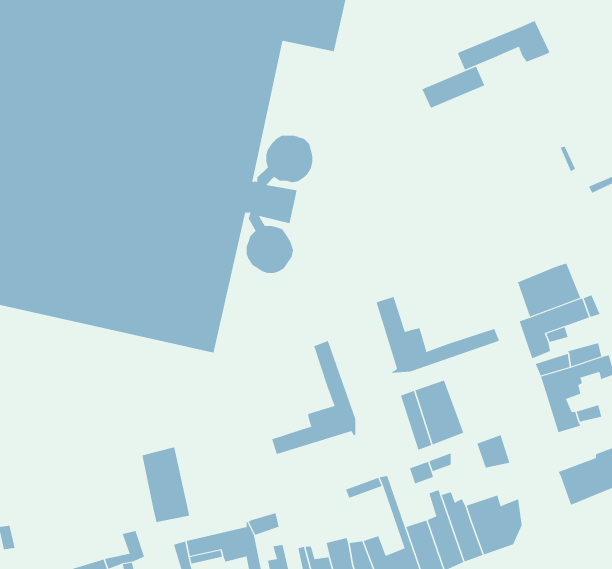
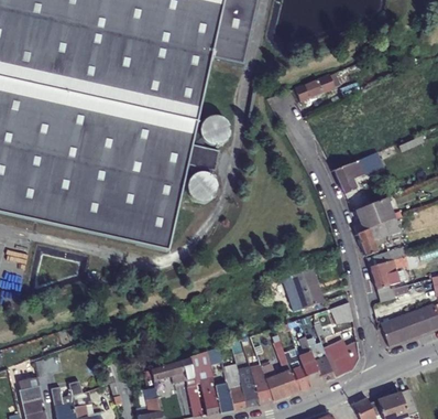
building: [457,20,550,71] -> none
building: none -> [335,158,372,193]
building: [376,296,500,374] -> none
building: [271,340,356,455] -> none
building: [142,446,190,523] -> none

